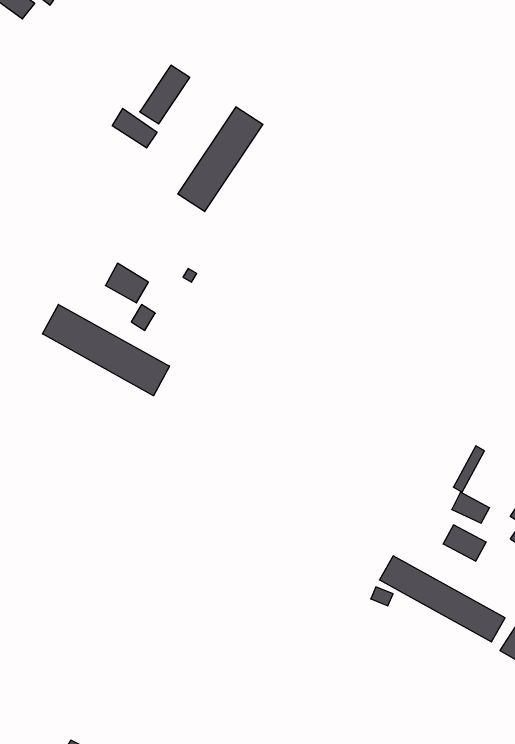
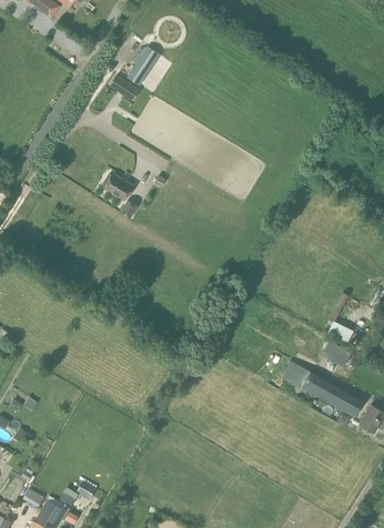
building: [178,107,263,212] -> none
building: [42,304,170,396] -> none

